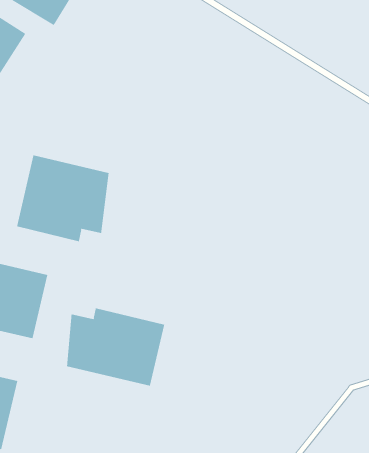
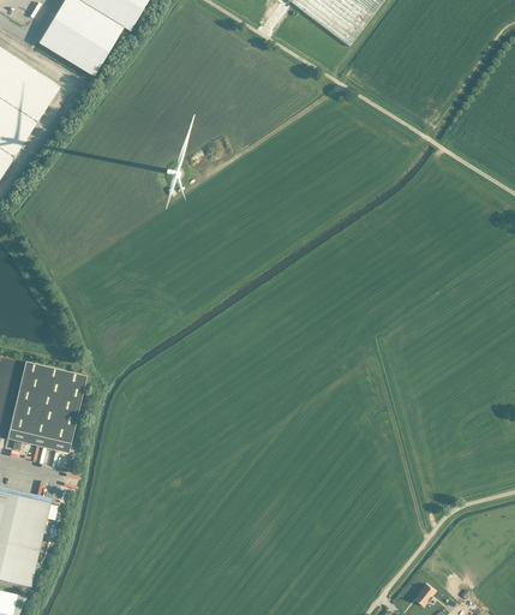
building: [16,155,109,242] -> none
building: [67,308,165,386] -> none

